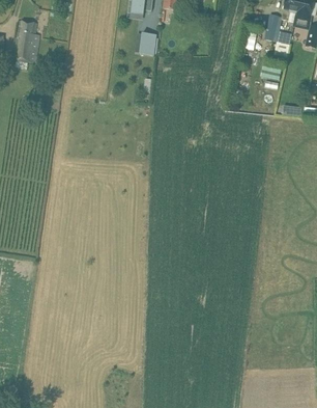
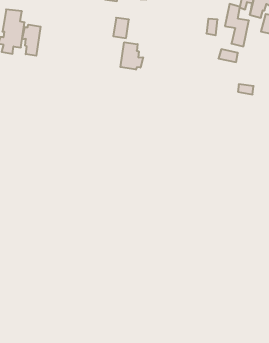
building: none -> [22,25,41,56]
building: none -> [120,42,143,70]

